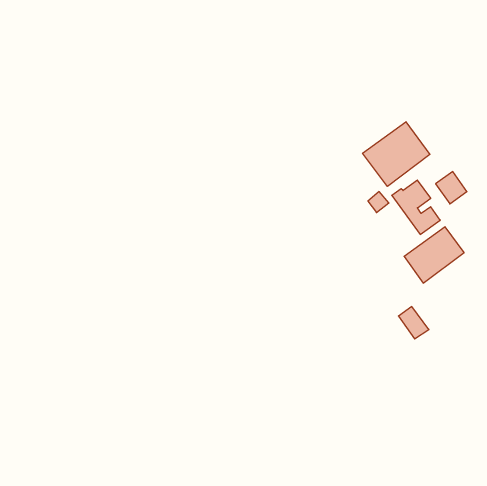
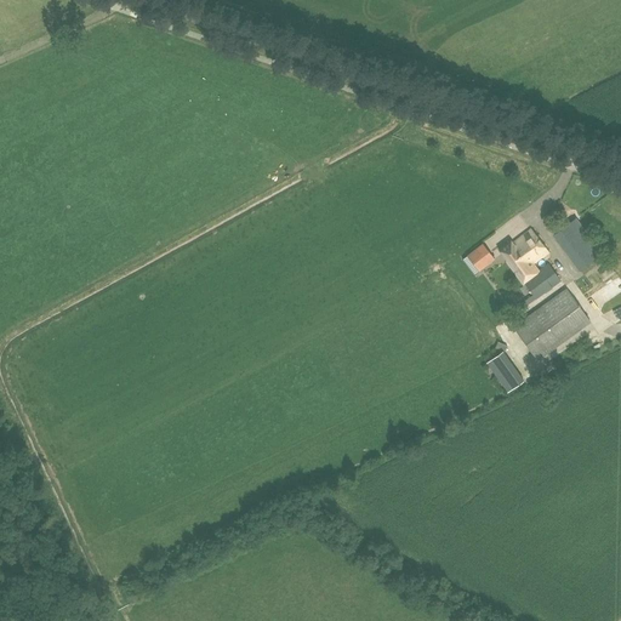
building: [363,122,430,186] -> none
building: [398,307,429,339] -> [486,351,525,392]

